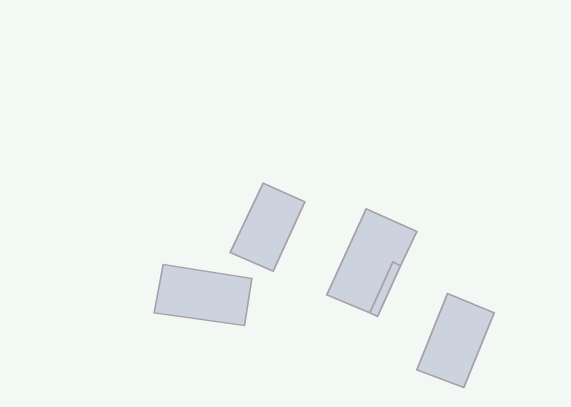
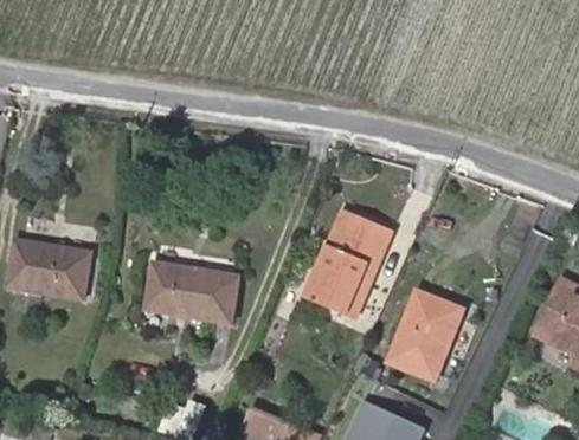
building: [230,183,305,271] -> none
building: none -> [8,242,88,298]

